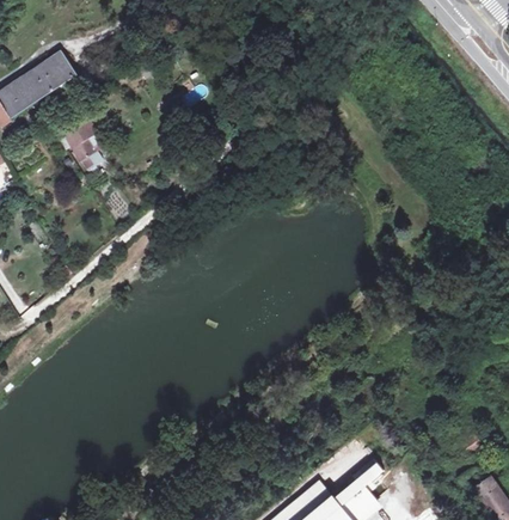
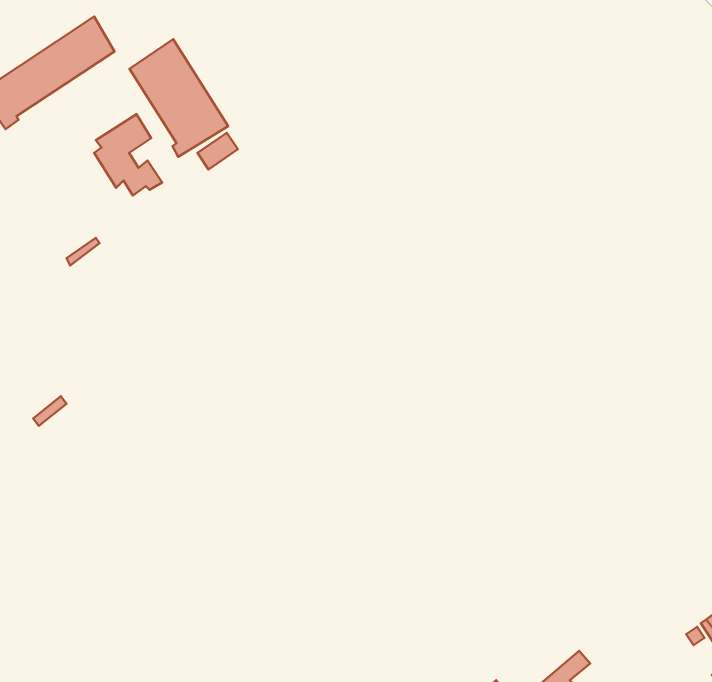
building: none -> [130,39,228,157]

